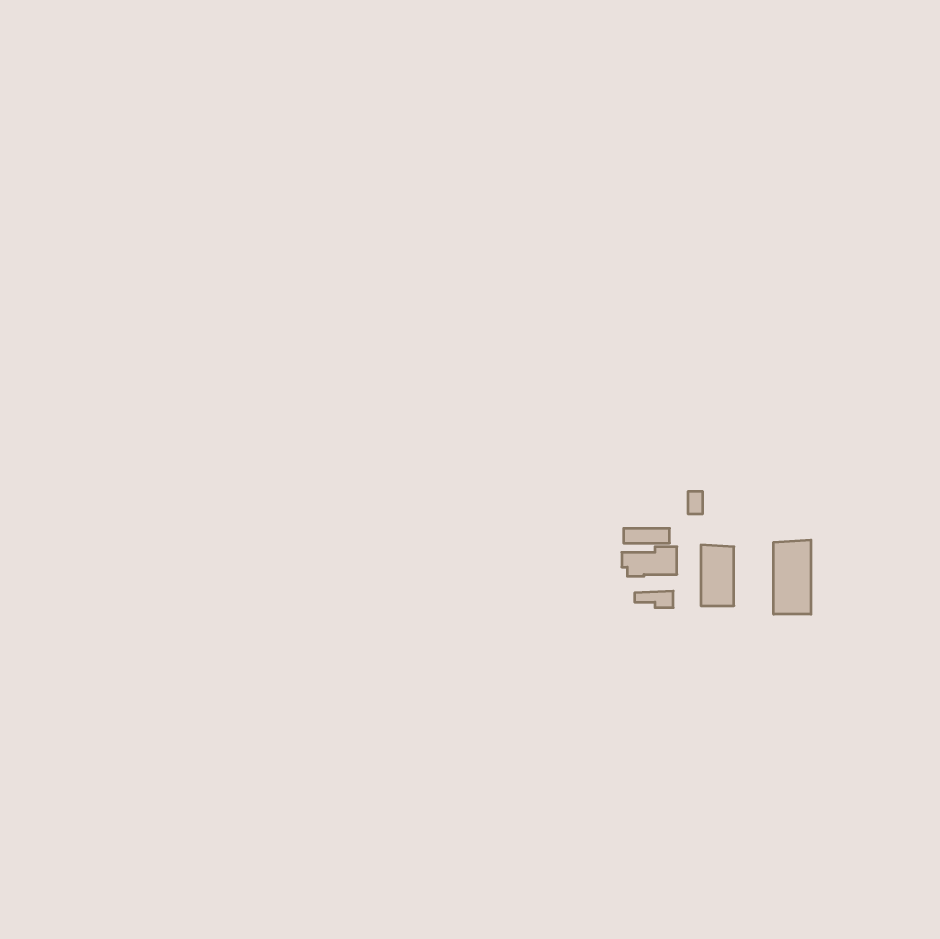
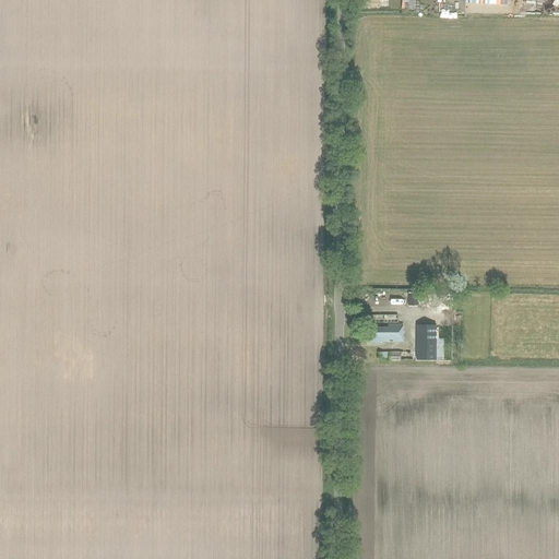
building: [774,540,811,614] -> none

